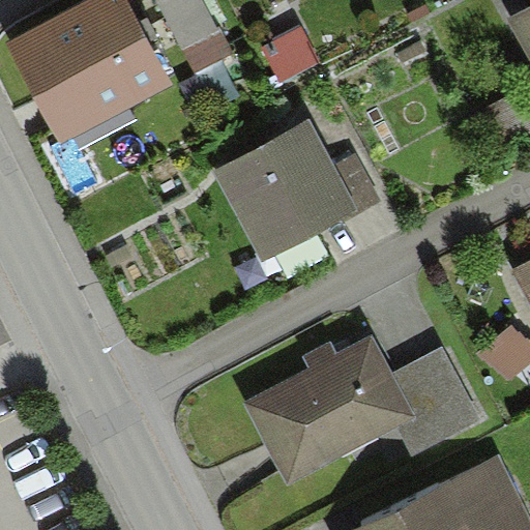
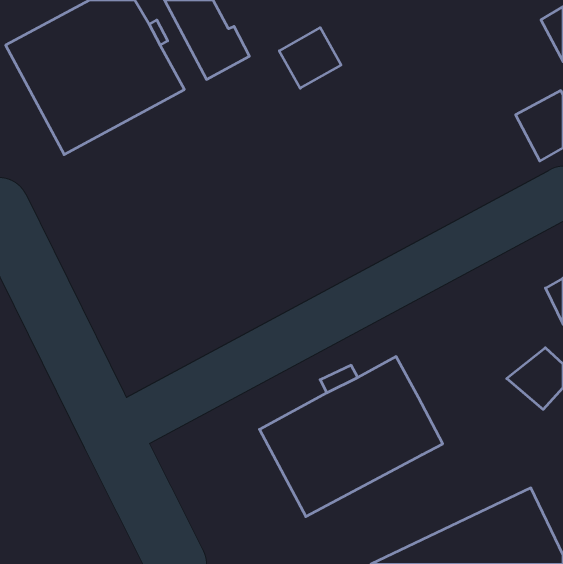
building: [212,120,380,264] -> none
building: [392,346,481,457] -> none

